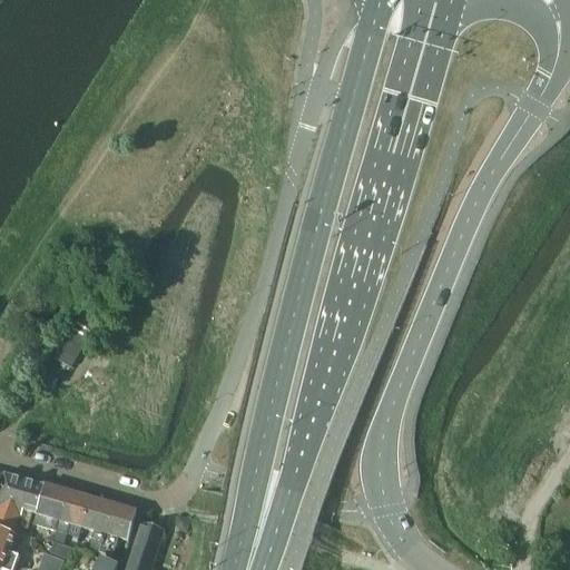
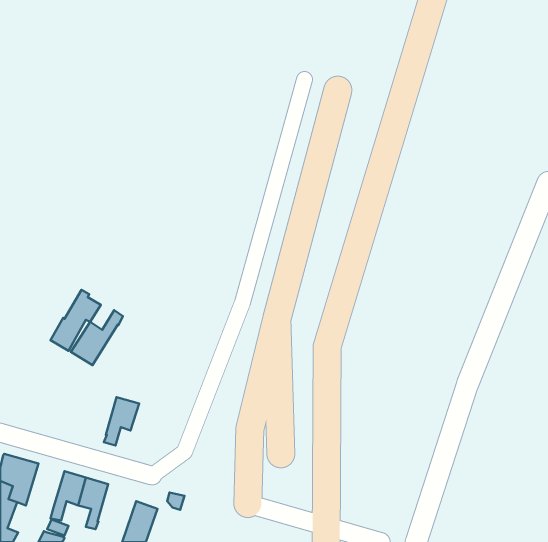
building: none -> [71,310,123,365]
building: [32,482,67,527] -> none
building: [99,502,136,552] -> [104,397,139,445]

